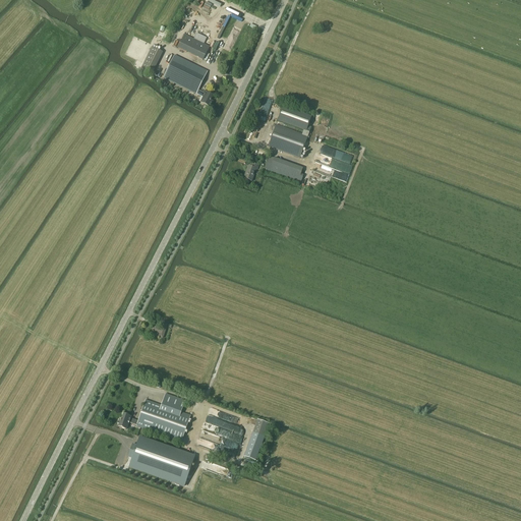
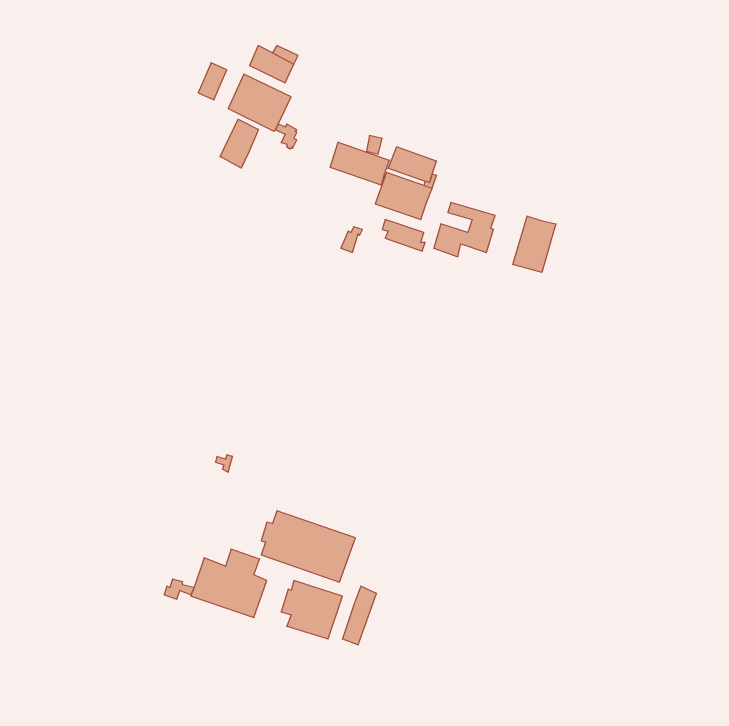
building: none -> [220,119,258,168]
building: none -> [330,142,389,185]
building: none -> [513,216,556,272]
building: [128,435,195,485] -> [261,511,355,582]

